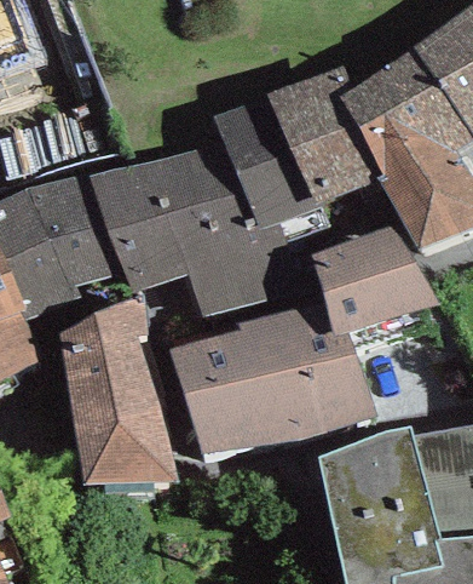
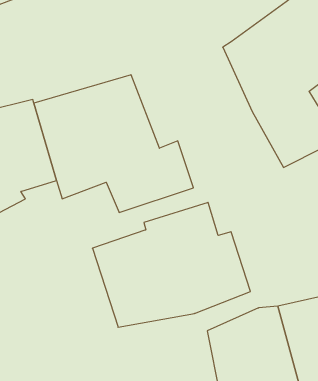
building: [208,68,377,236] -> none
building: [307,233,437,351] -> none
building: [57,315,175,510] -> none

